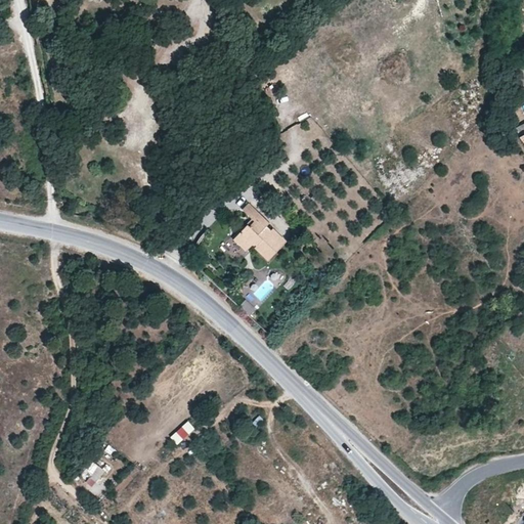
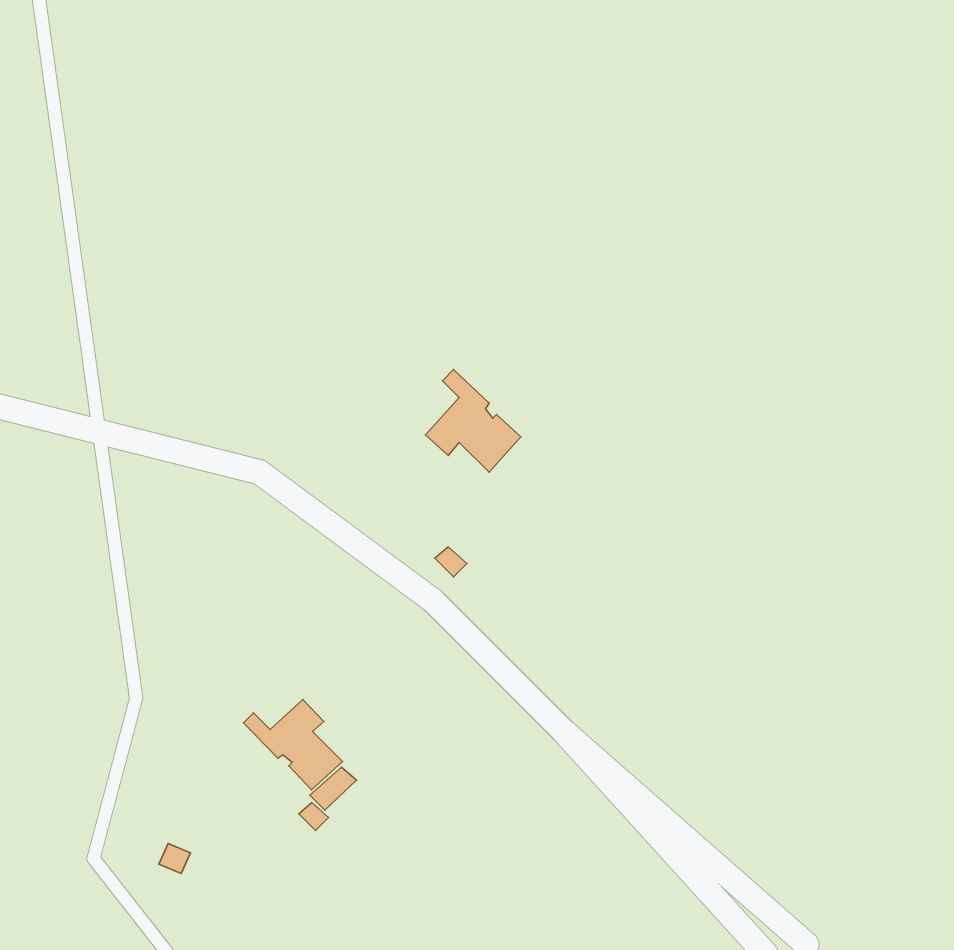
building: none -> [244,699,343,790]

